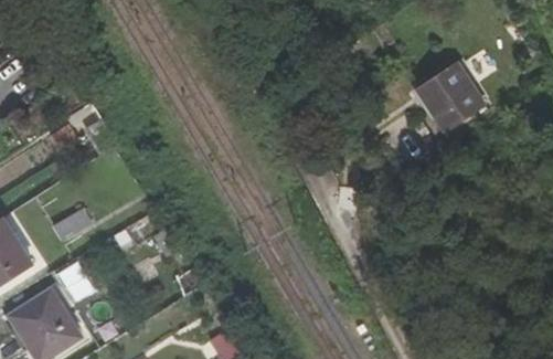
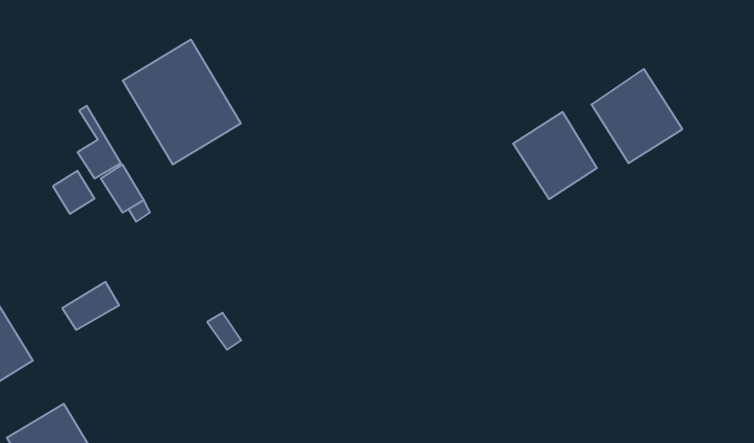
building: none -> [123,39,241,165]
building: none -> [513,112,597,199]

